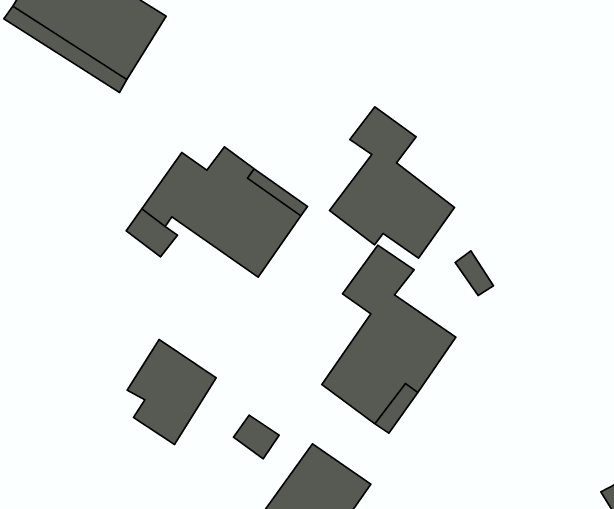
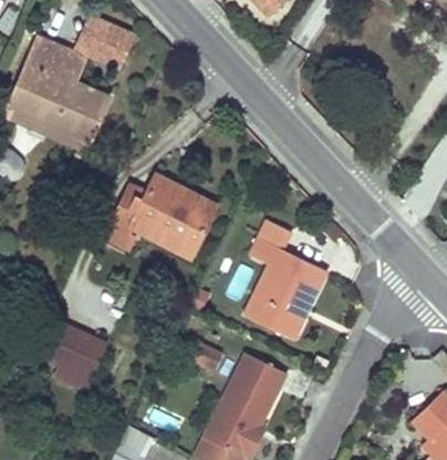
building: [330,107,455,258] -> none
building: [127,340,216,445] -> [51,324,106,389]

